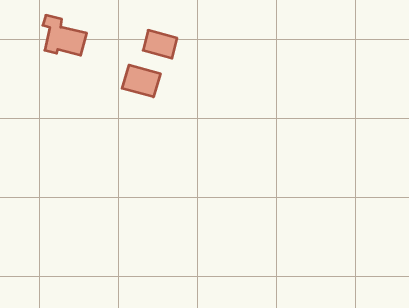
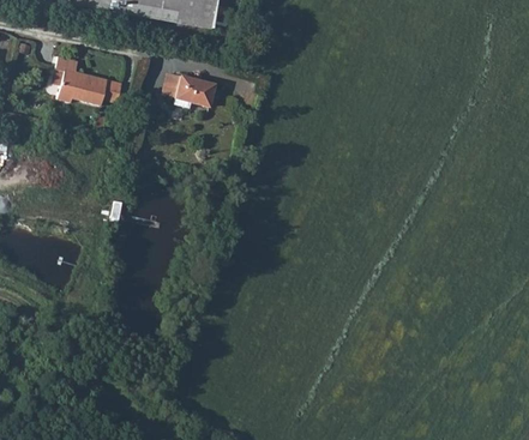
building: [122,65,160,97] -> none

